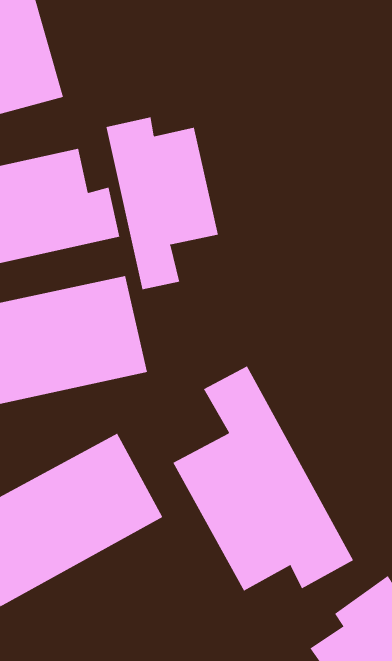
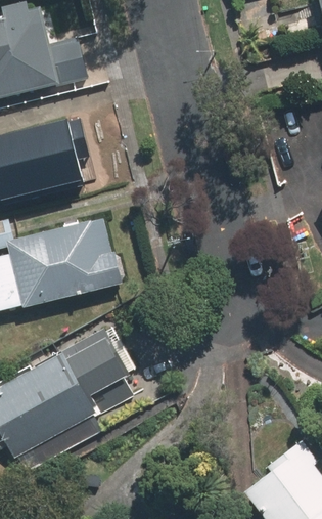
building: [106,117,218,290] -> none
building: [173,365,354,592] -> none

